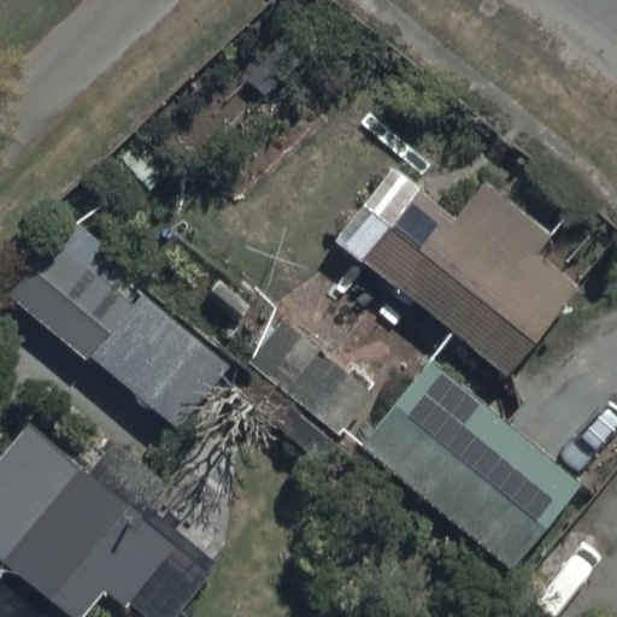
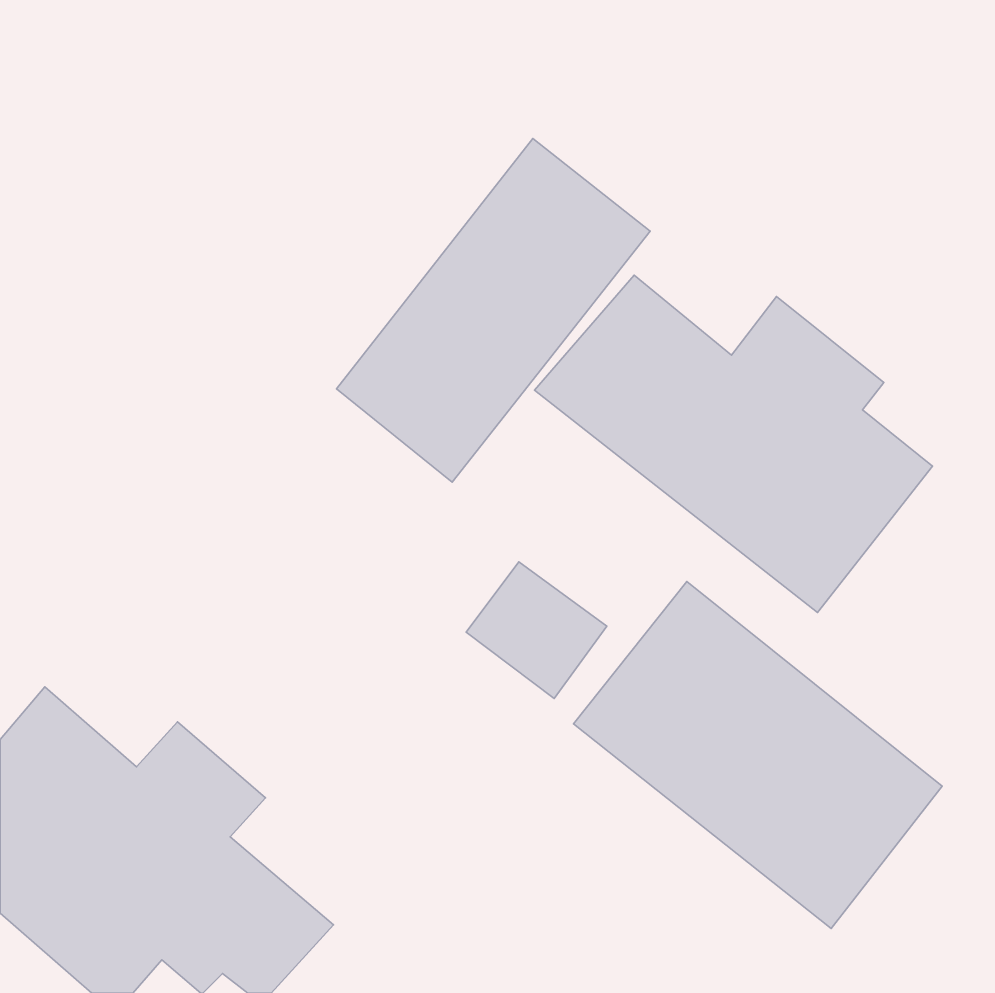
building: none -> [337,138,650,482]
building: [7,222,242,434] -> none

